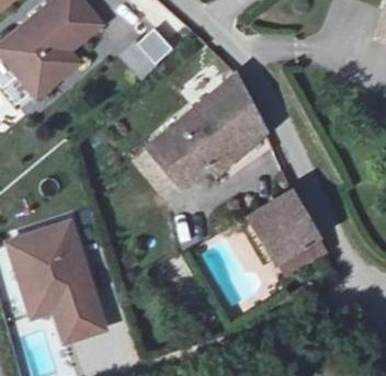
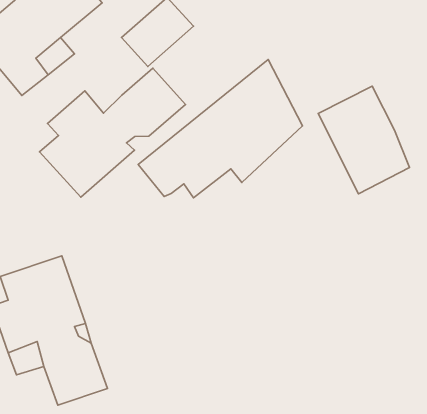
building: none -> [40,68,186,197]
building: [251,187,323,273] -> [318,86,410,194]

